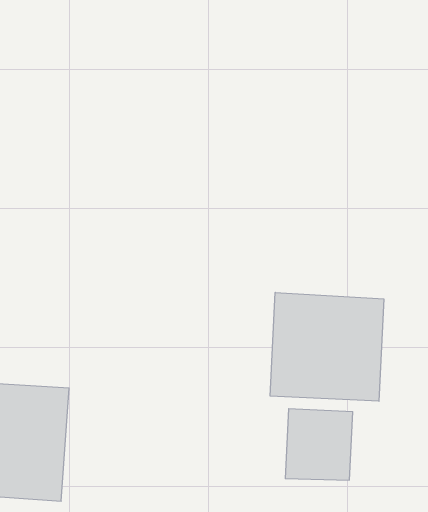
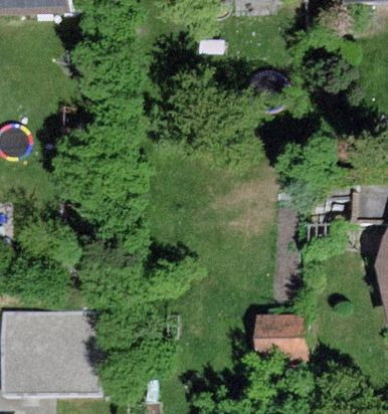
building: [270,292,384,401] -> none

